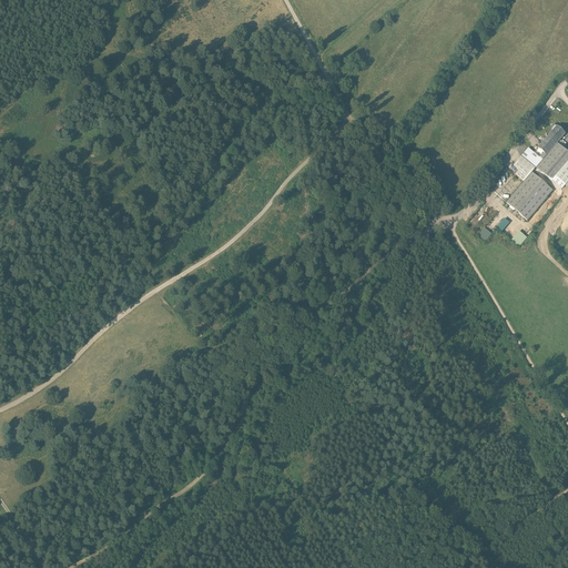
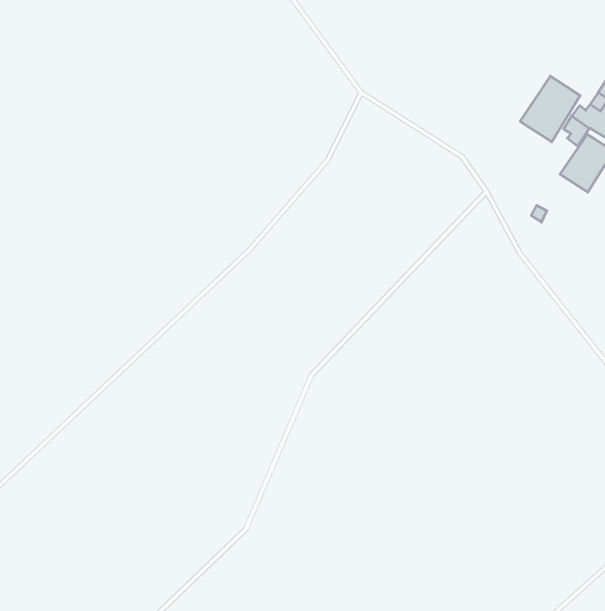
building: none -> [520,76,580,142]

